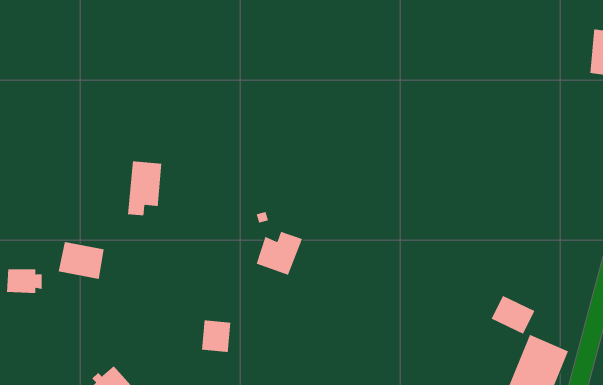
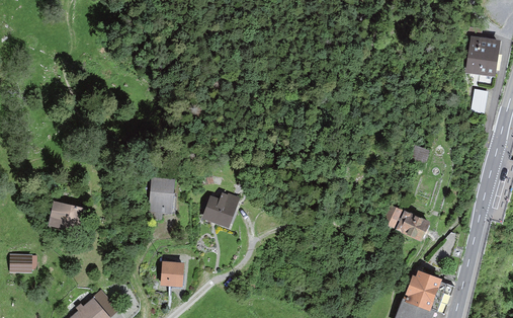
building: [127,161,162,216] -> [148,176,175,219]
building: [6,269,43,294] -> [8,253,36,272]
building: [491,295,535,334] -> [395,213,429,243]

